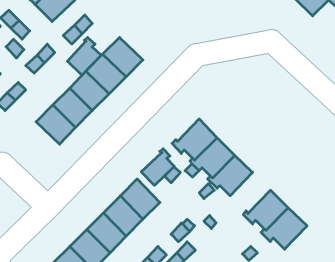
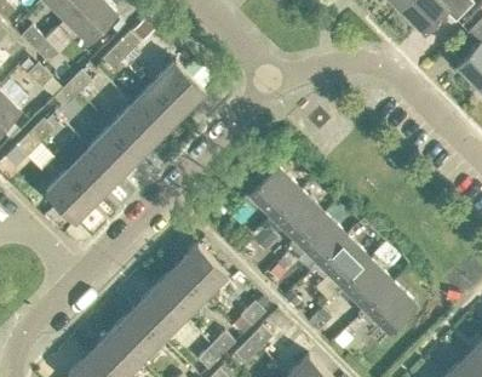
building: [67,37,101,75] -> none
building: none -> [45,171,97,222]
building: [141,149,174,185] -> none
building: none -> [311,236,369,290]

